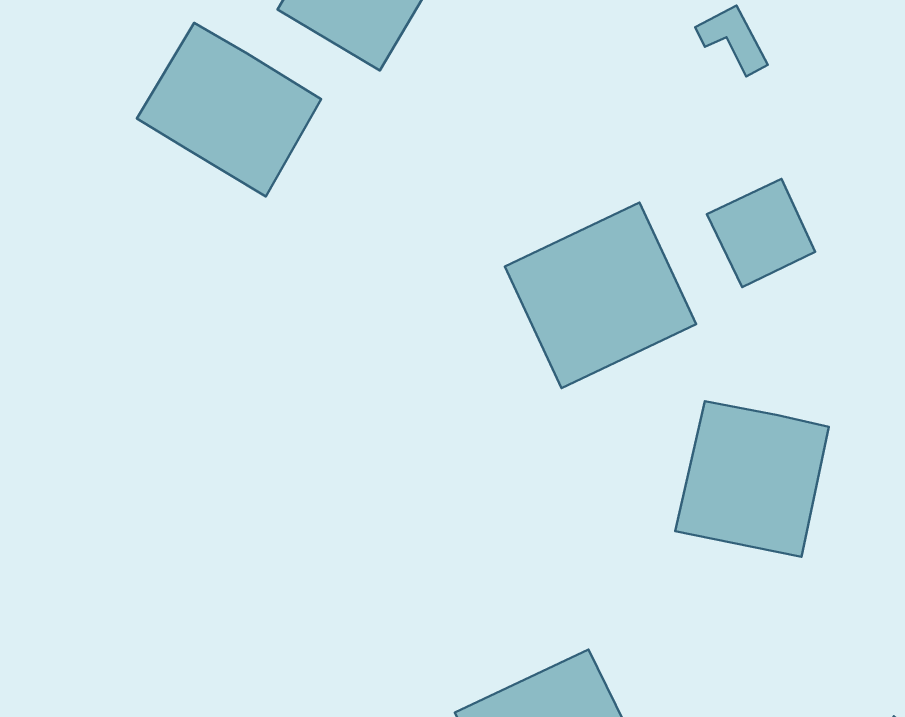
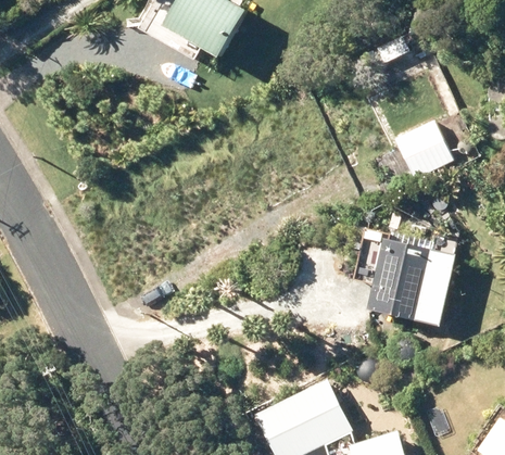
building: [137,23,321,196] -> none
building: [505,203,696,388] -> none

